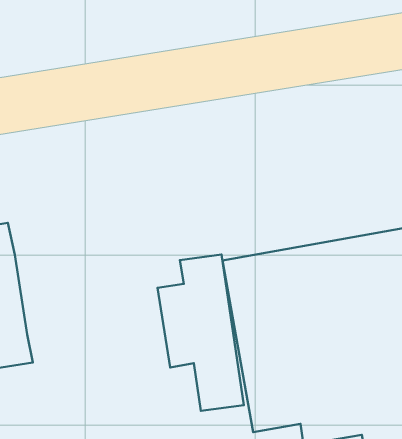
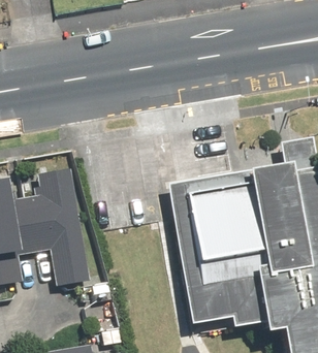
building: [157,254,244,411] -> [20,170,84,286]

